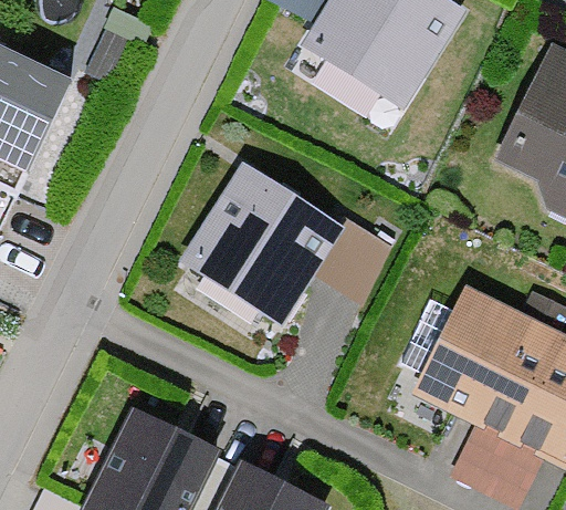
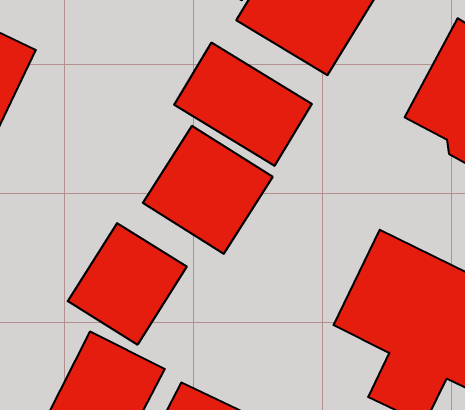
building: none -> [174,43,312,166]
building: none -> [68,223,187,345]

